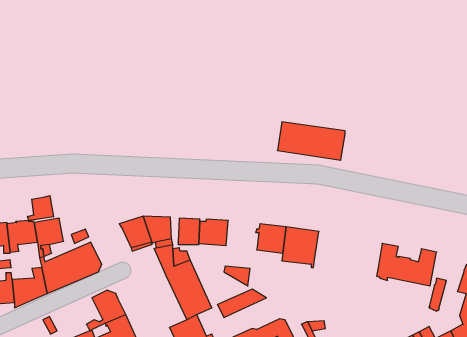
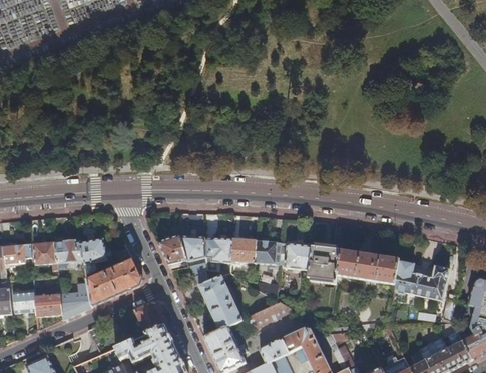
building: [277,122,345,160] -> [337,249,399,284]
building: [28,196,53,220] -> none
building: none -> [256,239,281,264]

